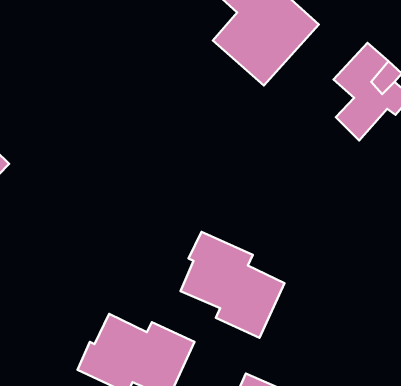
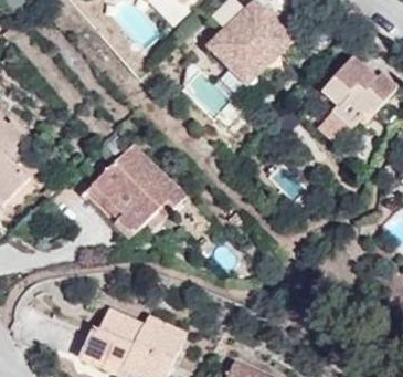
building: none -> [84,145,179,242]
building: [181,232,285,338] -> none

